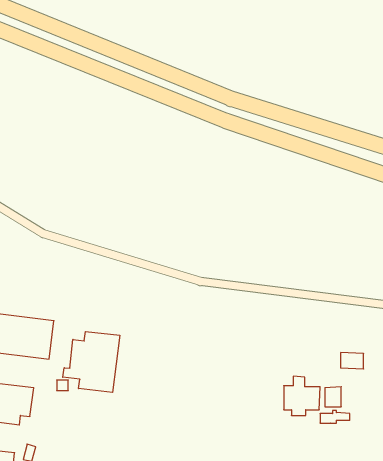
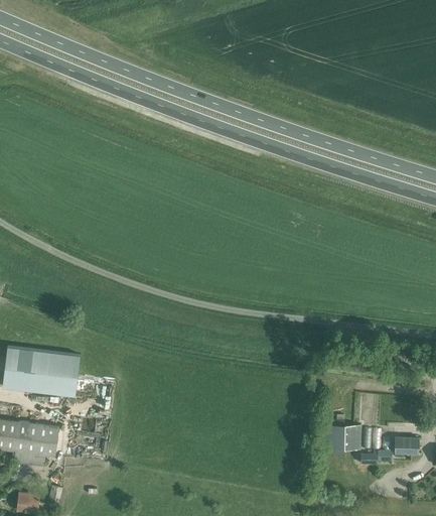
building: [63,332,120,392] -> none
building: [341,353,364,369] -> [395,437,419,455]

